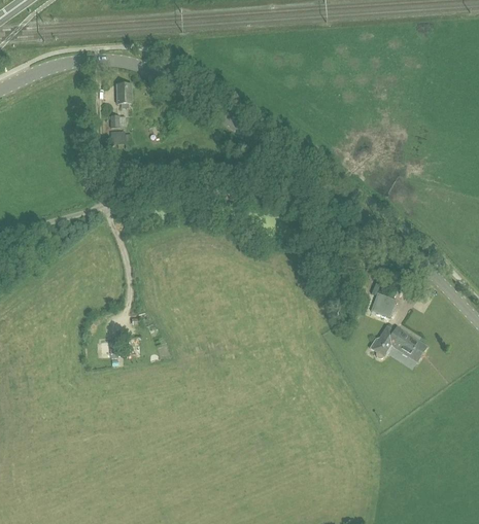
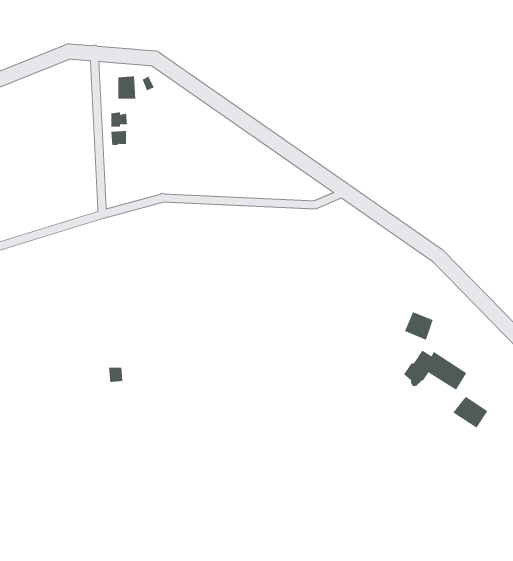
building: none -> [452,396,488,428]

